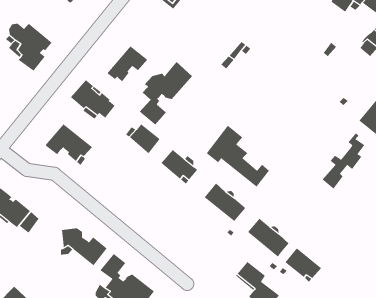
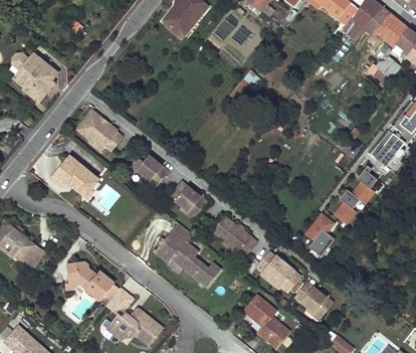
building: [106,46,148,82] -> none
building: [139,61,193,125] -> none
building: [206,125,270,188] -> [156,222,221,287]
building: none -> [305,211,335,253]

